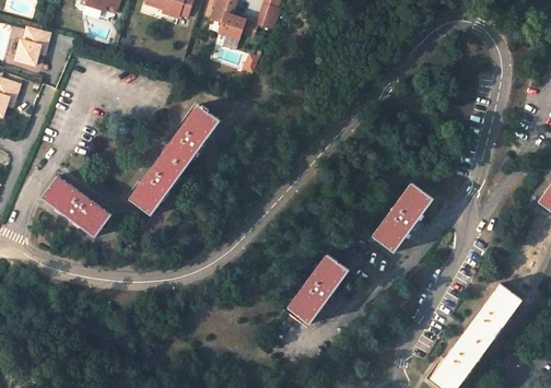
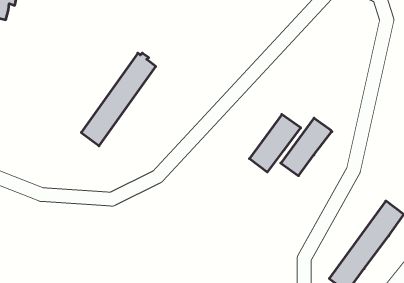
building: [40,176,110,237] -> none
building: [286,255,349,325] -> [249,114,301,172]

